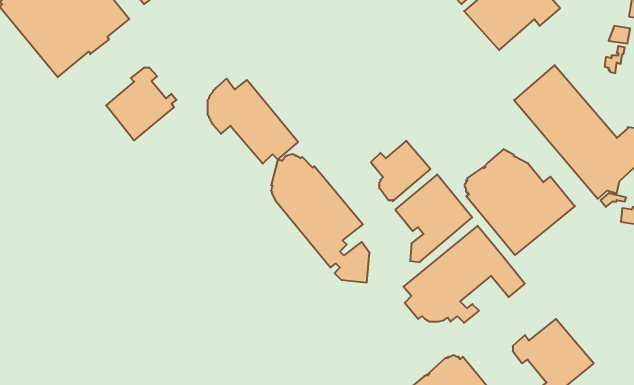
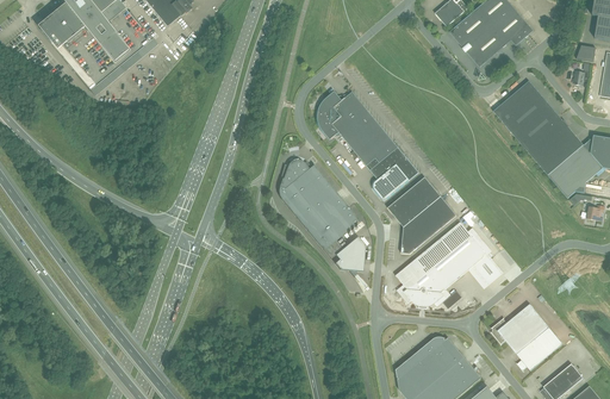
building: [106,67,177,140] -> none
building: [208,79,298,164] -> [317,89,397,164]
building: [465,149,575,255] -> none

